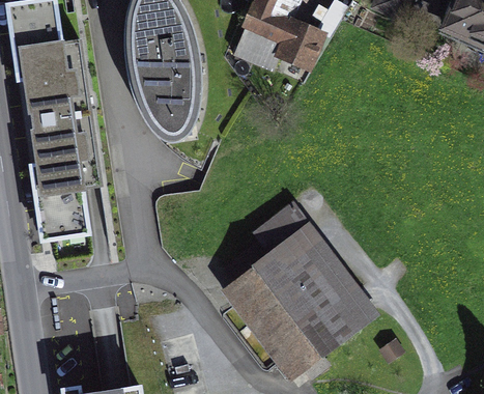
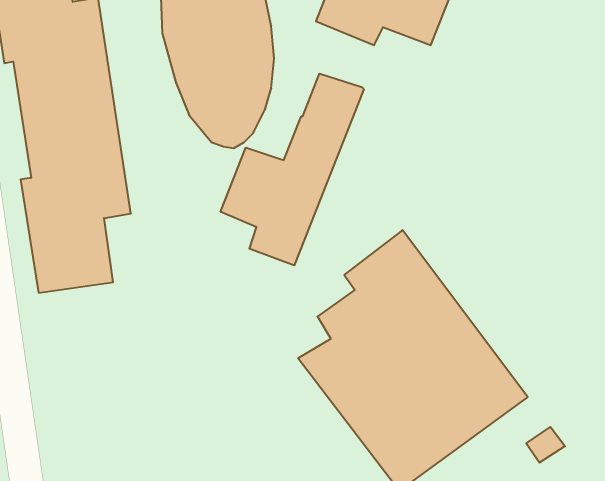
building: none -> [221,74,364,265]

